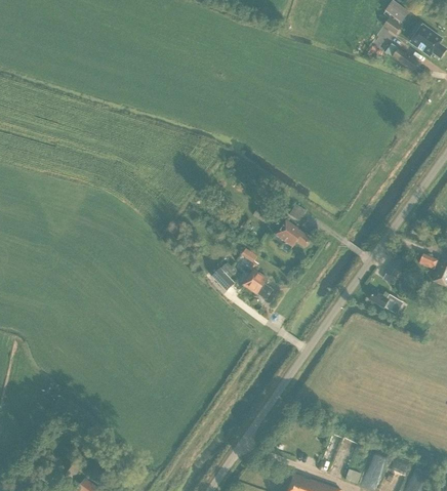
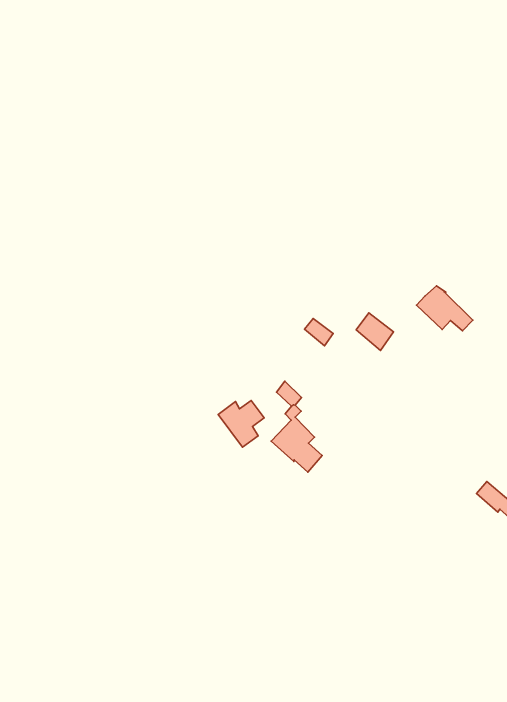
building: [275,221,310,247] -> [417,286,473,331]

